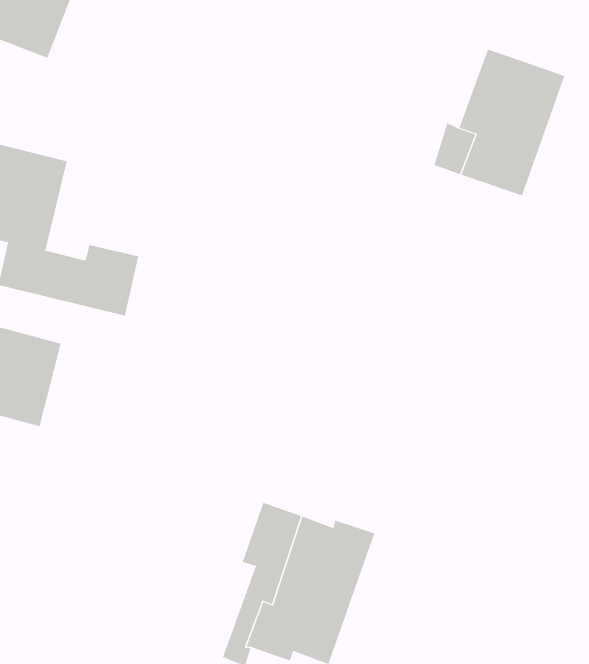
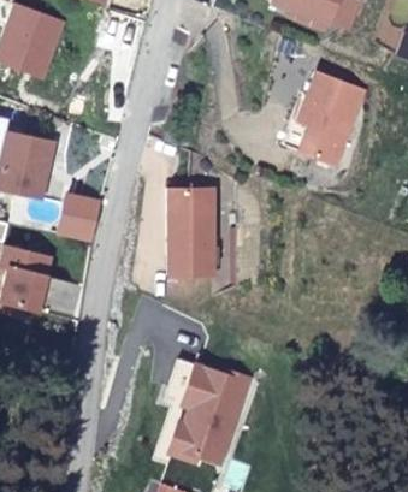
building: none -> [168,190,217,278]

